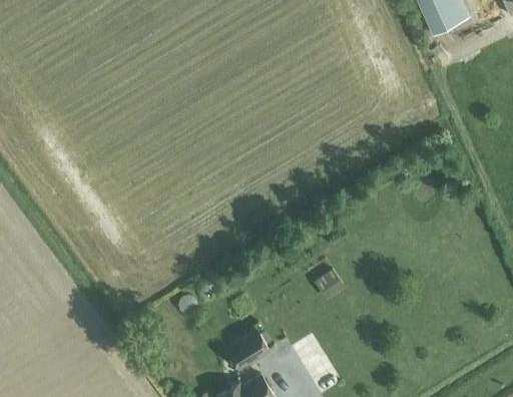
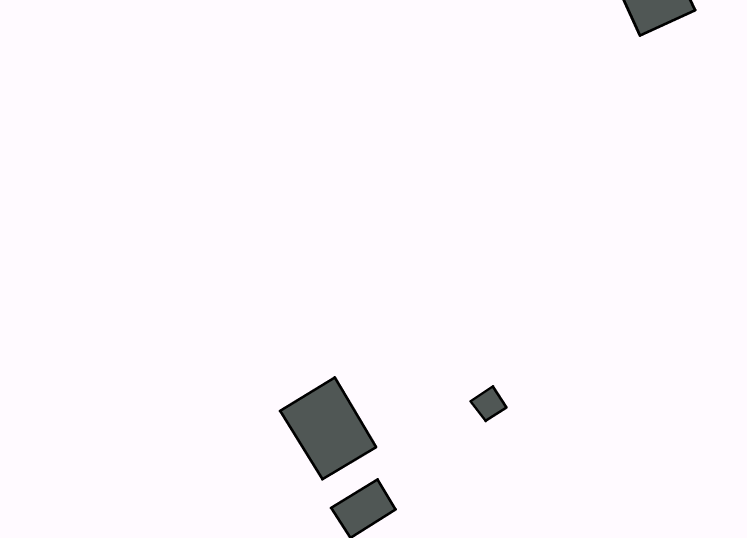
building: none -> [280,377,376,479]

